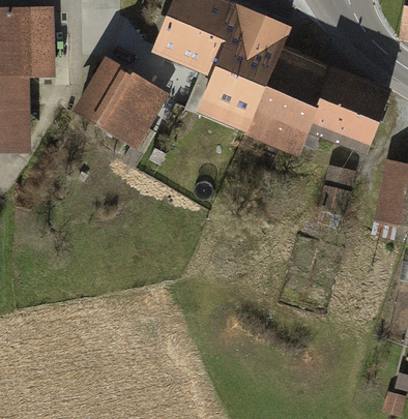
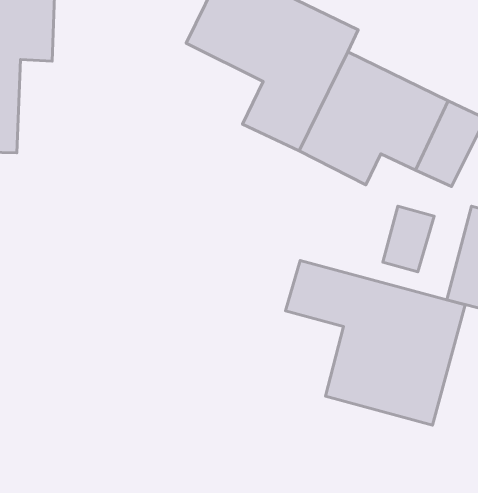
building: [77,60,166,166] -> none
building: none -> [285,260,465,425]

